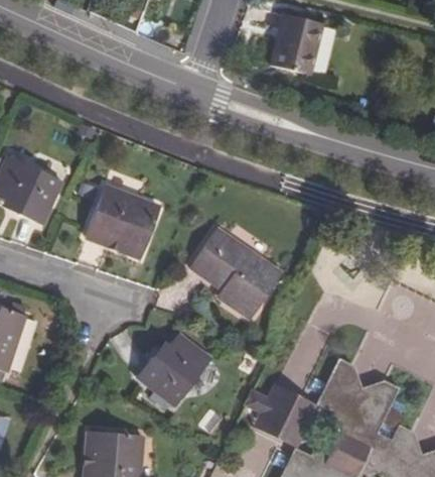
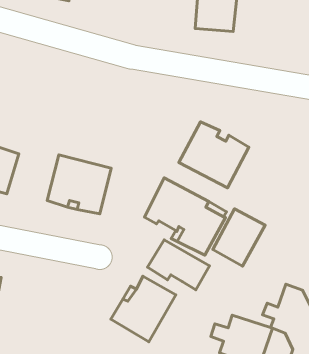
building: none -> [179,122,249,188]
building: none -> [213,209,265,266]
building: none -> [147,240,210,290]

